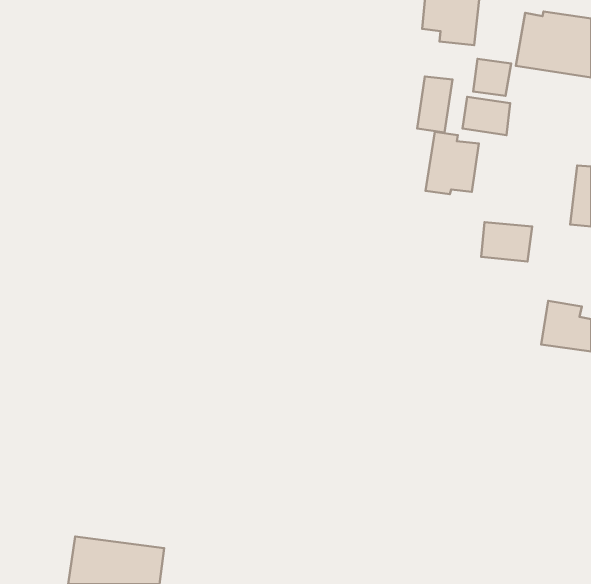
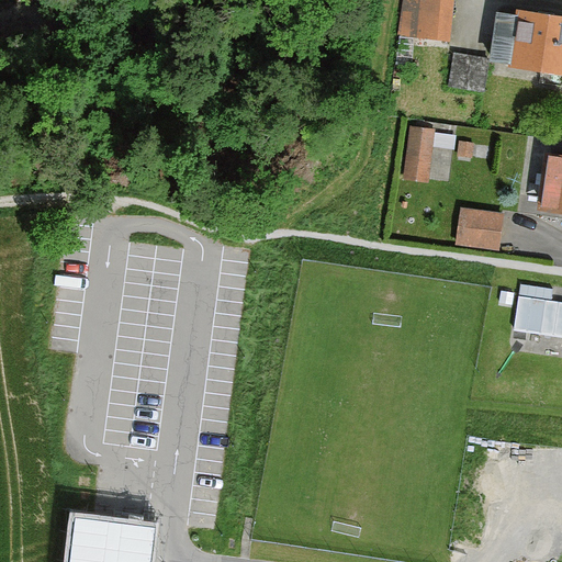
building: [417,77,452,133] -> none
building: [463,97,510,135] -> none

